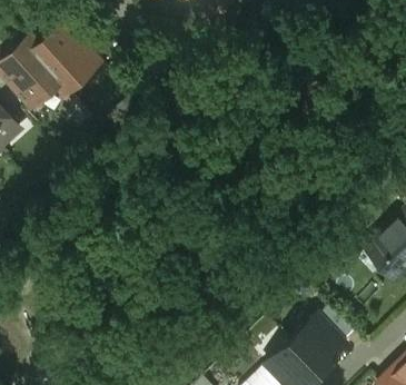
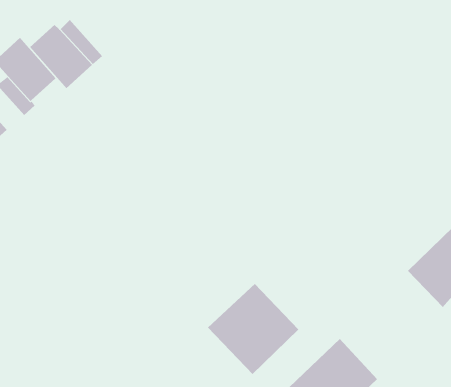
building: none -> [207,283,299,375]

